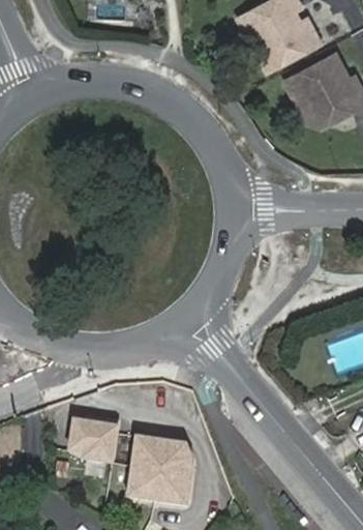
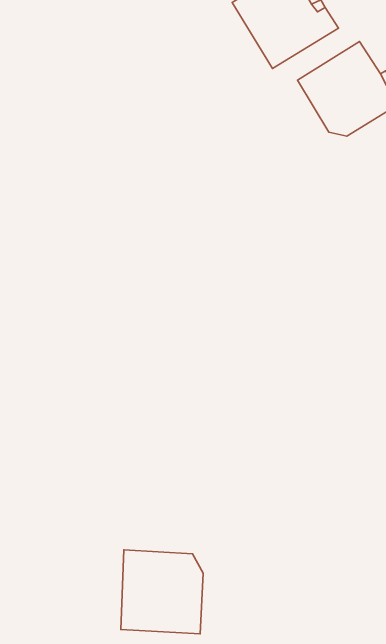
building: [63,415,114,460] -> none

